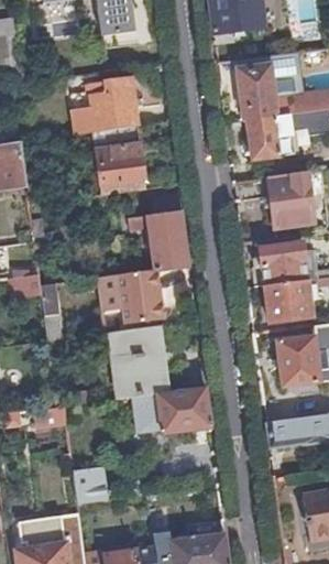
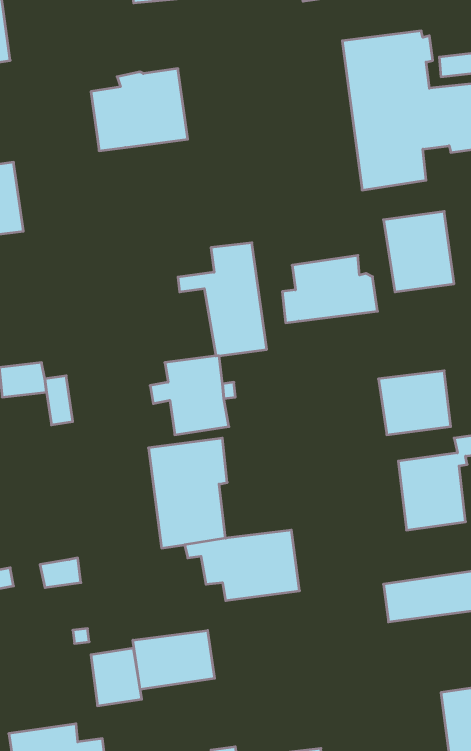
building: [95,126,145,194] -> none
building: [253,242,317,288] -> [282,255,378,323]
building: none -> [133,630,215,689]

